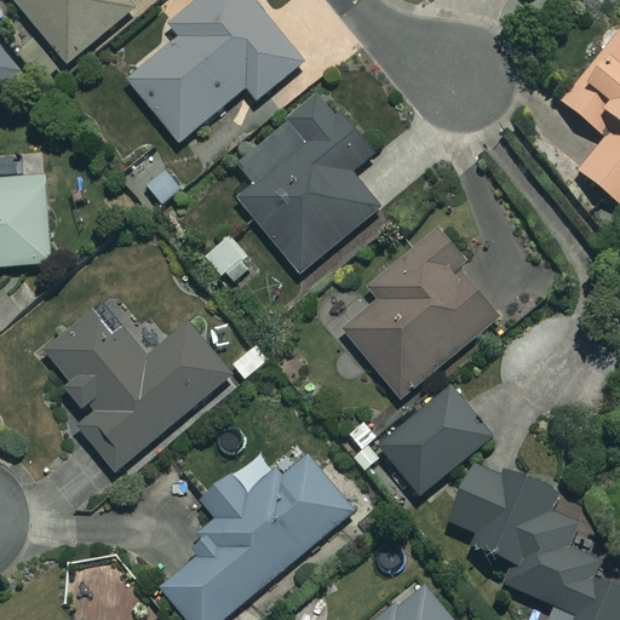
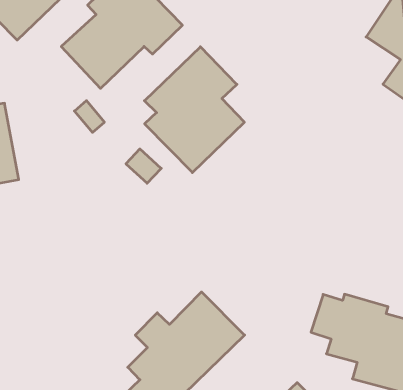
building: [343,226,500,398] -> none
building: [45,300,231,472] -> none
building: [380,385,492,493] -> none

